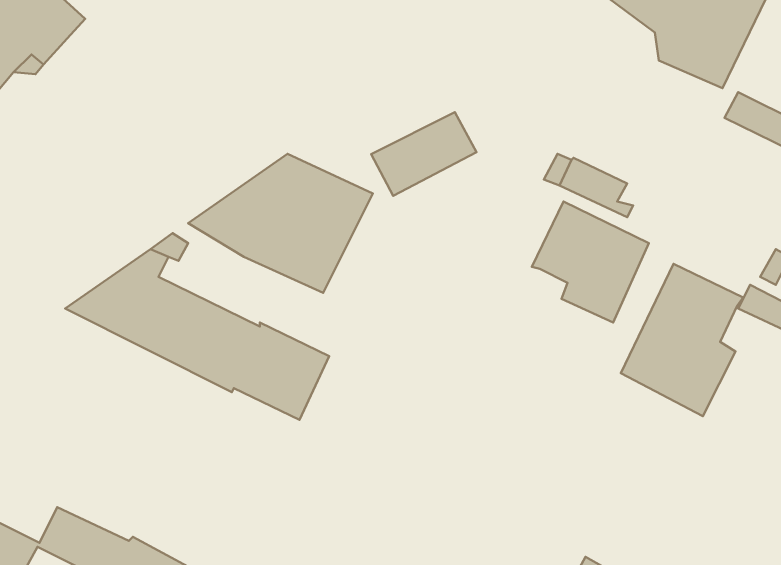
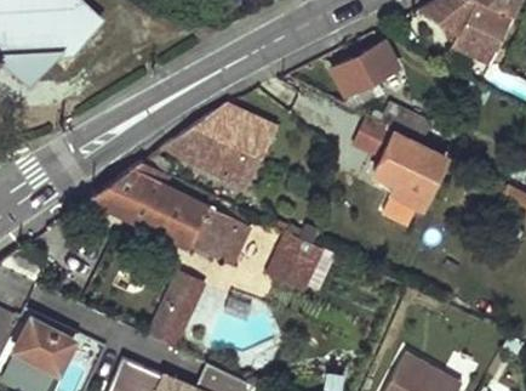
building: [371,112,477,196] -> [332,45,396,96]
building: [621,264,743,416] -> none
building: none -> [270,233,322,287]
building: none -> [153,271,202,345]

